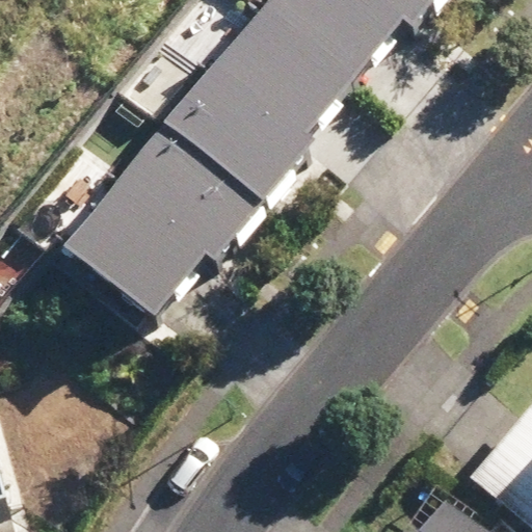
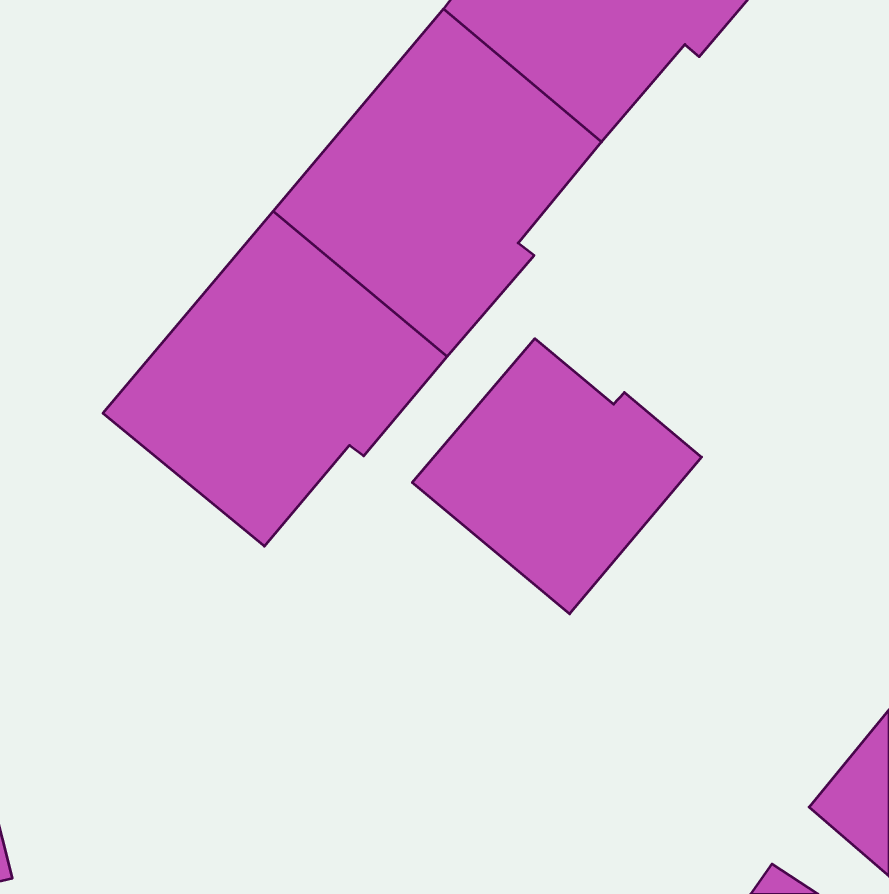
building: none -> [412,339,702,614]

